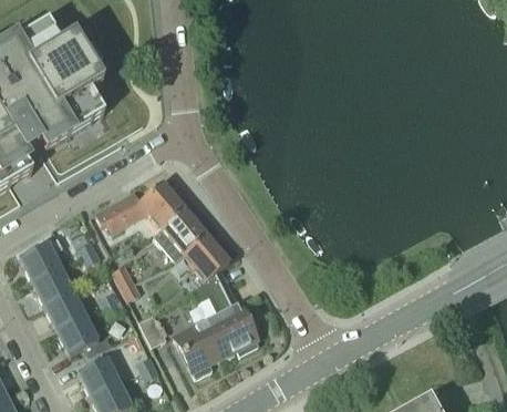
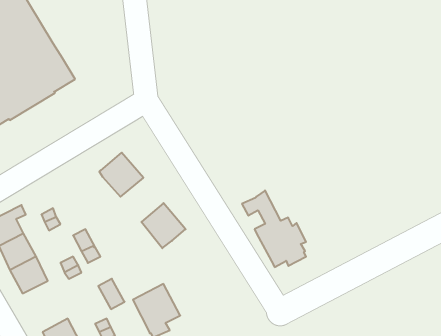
building: [95,192,143,233] -> none
building: [154,209,207,262] -> none
building: [192,276,259,357] -> [242,190,306,267]
building: [59,318,110,357] -> none

